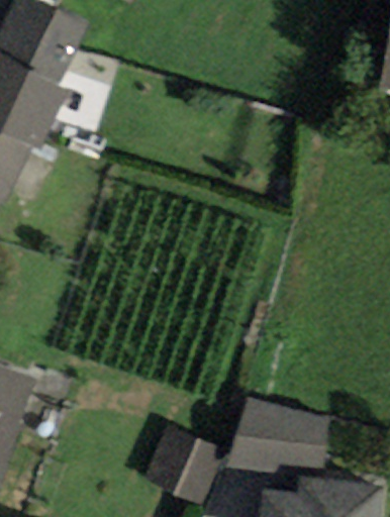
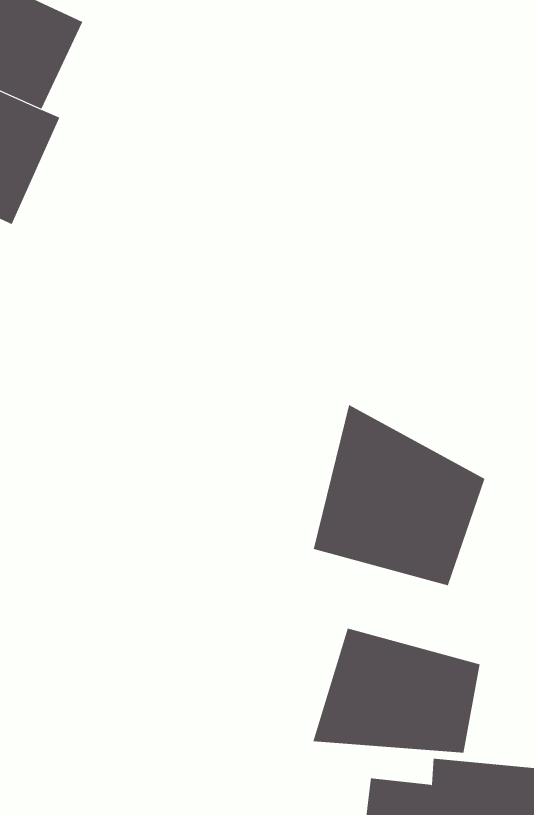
building: none -> [313,404,485,586]
building: [143,426,223,505] -> none

